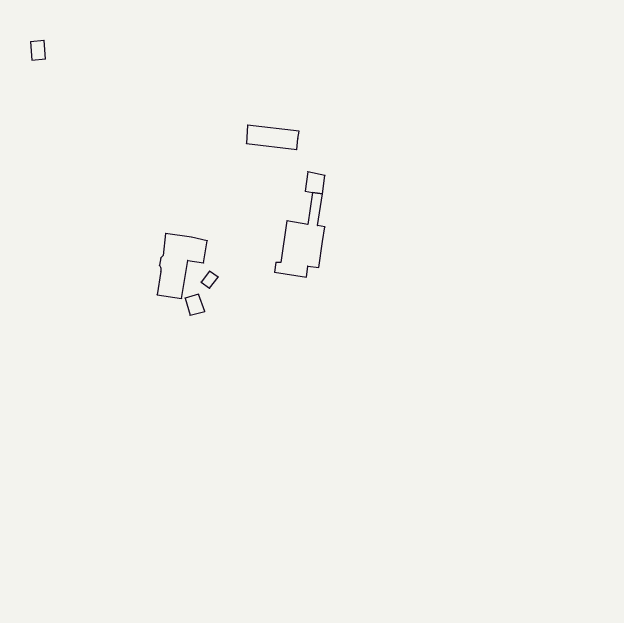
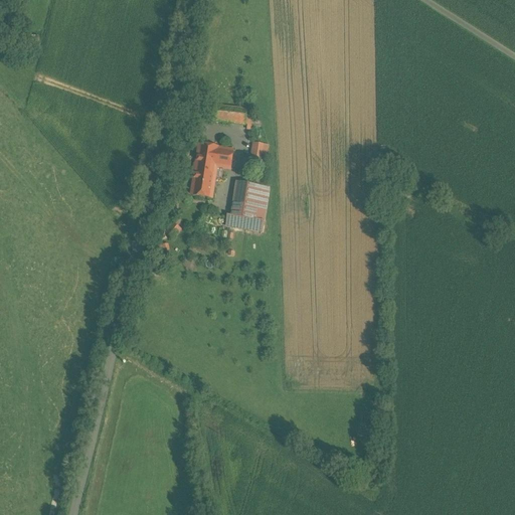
building: [157,233,207,298] -> [190,143,231,196]

